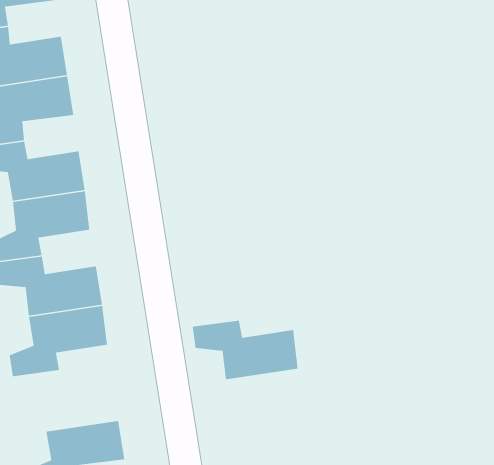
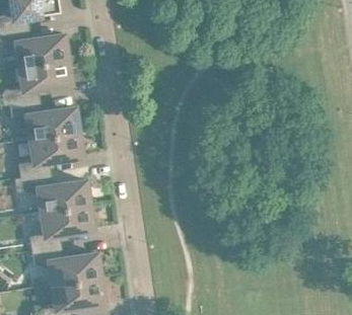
building: [192,320,299,380] -> [29,246,97,285]

